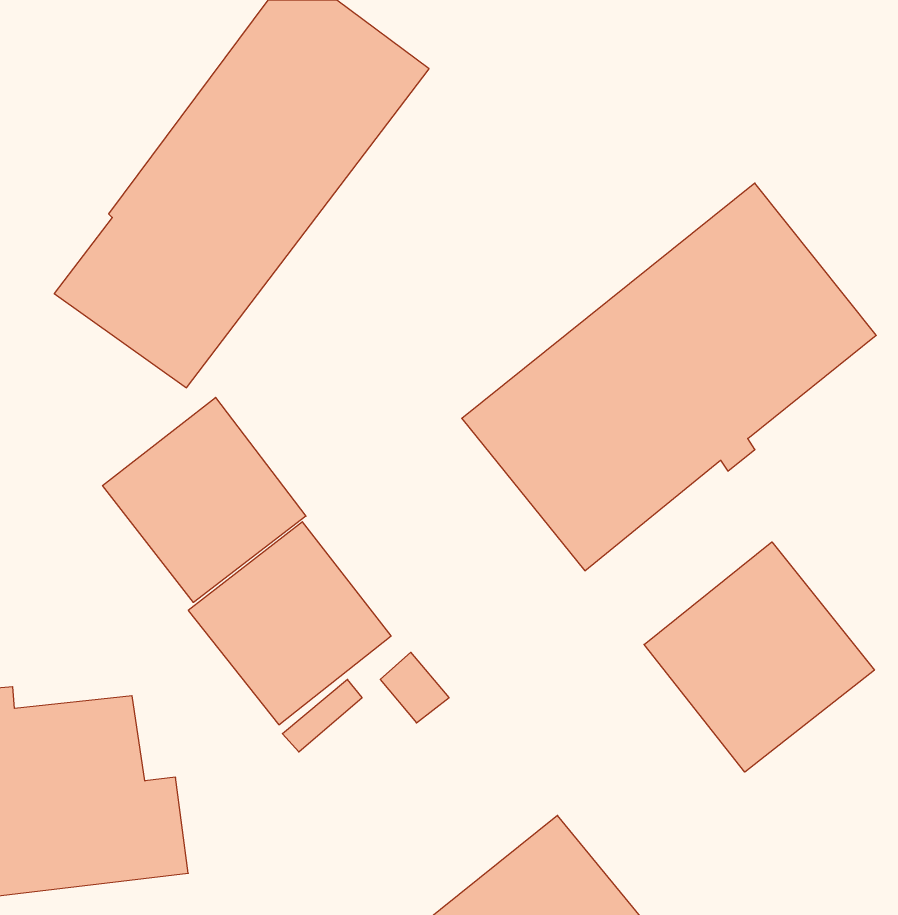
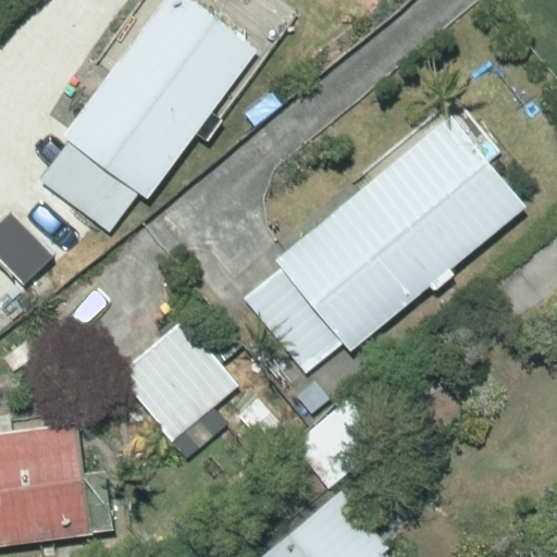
building: [103,397,306,602] -> none
building: [644,542,874,772] -> none

